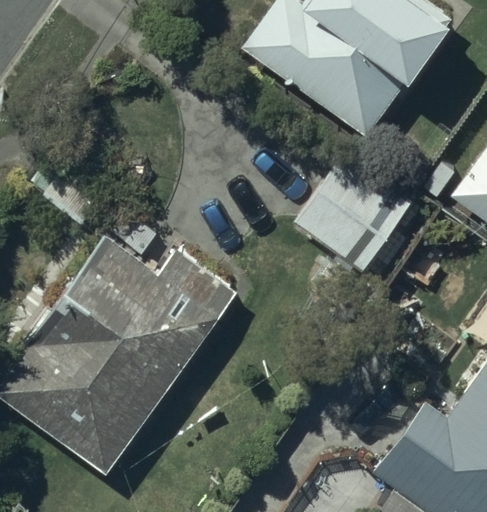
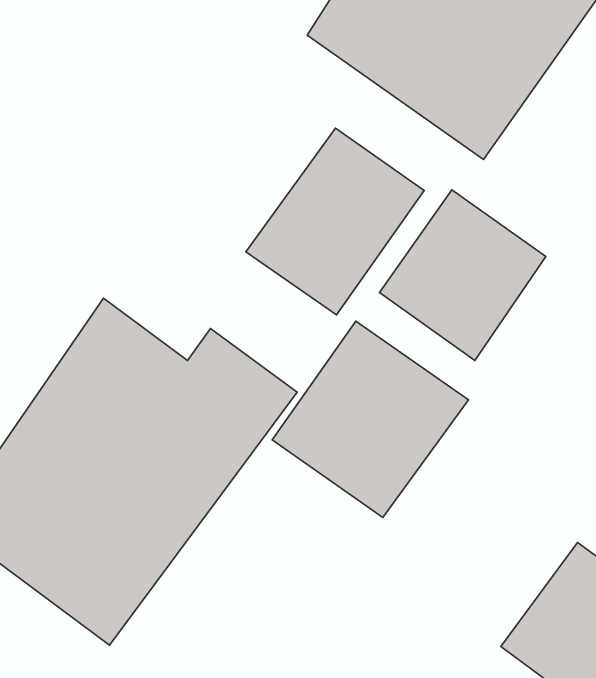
building: none -> [246,128,424,315]
building: none -> [272,321,469,517]

